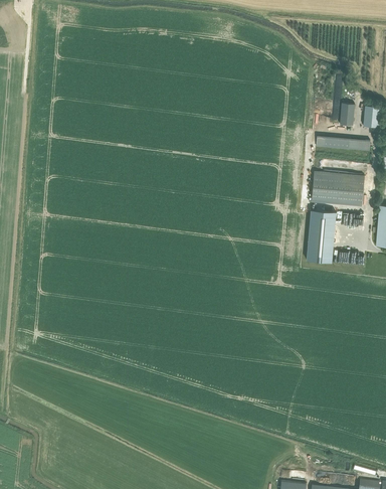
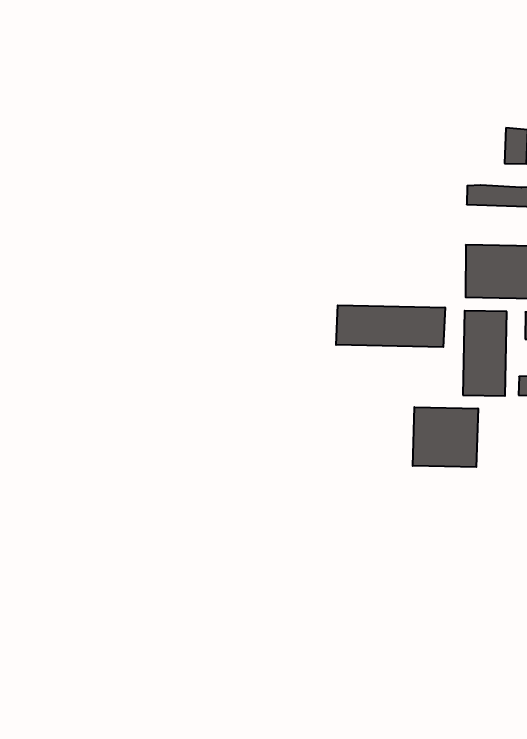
building: none -> [336,305,445,347]
building: none -> [413,407,478,467]

